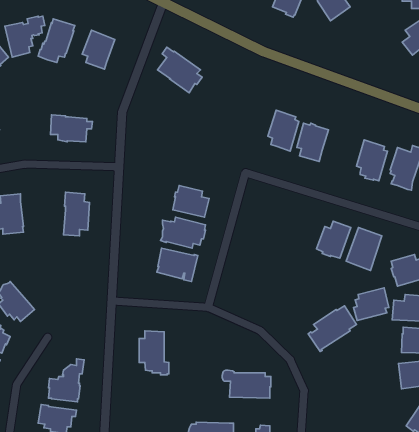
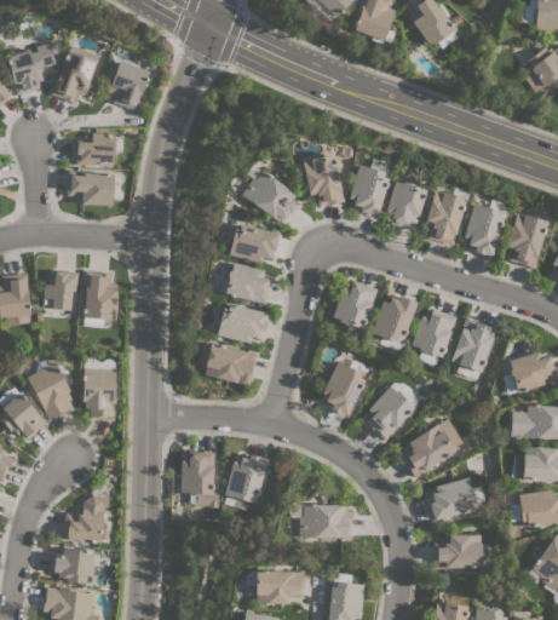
building: [158,47,202,93] -> [241,165,299,224]
building: none -> [76,132,123,165]
building: none -> [303,154,345,206]
building: none -> [425,190,466,245]
building: none -> [218,224,280,263]
building: none -> [44,270,79,316]
building: none -> [333,280,378,328]
building: none -> [372,294,418,341]
building: none -> [27,361,73,418]
building: none -> [322,361,366,415]
building: none -> [84,368,116,417]
building: none -> [367,385,415,440]
building: [353,288,389,320] -> [430,477,476,519]
building: none -> [224,453,269,501]
building: none -> [435,534,483,568]

